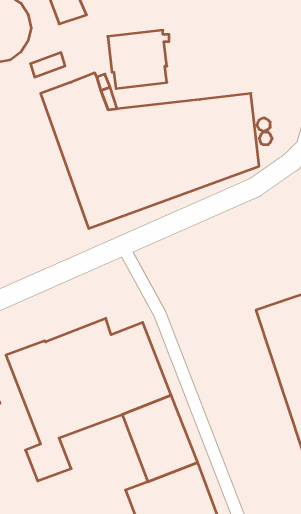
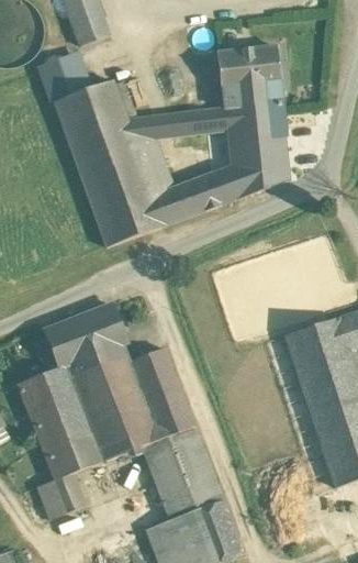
building: none -> [75,16,111,45]
building: [108,30,169,89] -> [217,45,283,108]
building: none -> [48,71,88,101]
building: none -> [45,303,127,368]

